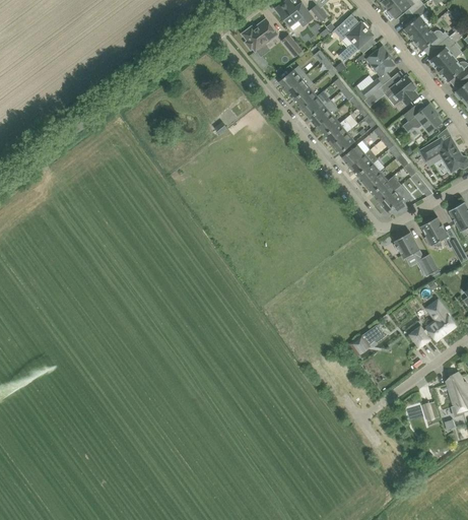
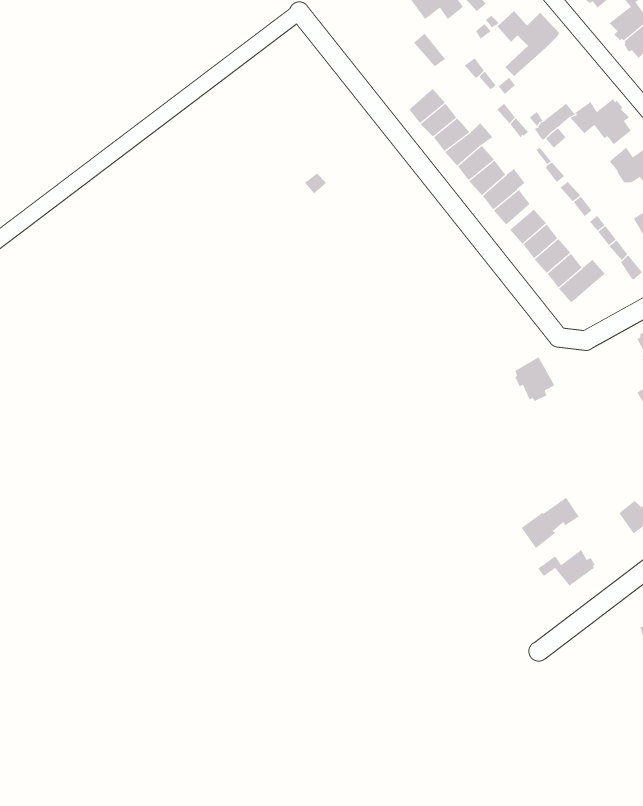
building: [243,19,278,52] -> none
building: [367,46,395,76] -> none
building: [381,185,413,212] -> none
building: [395,232,420,260] -> [515,356,555,402]
building: none -> [537,549,595,586]

